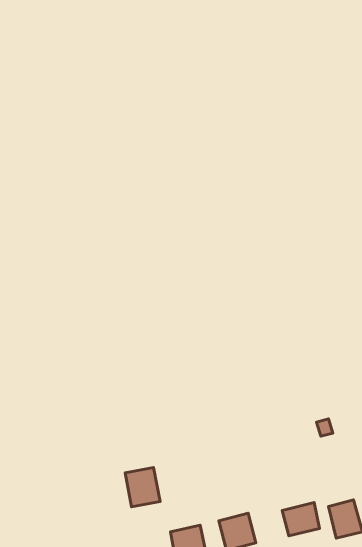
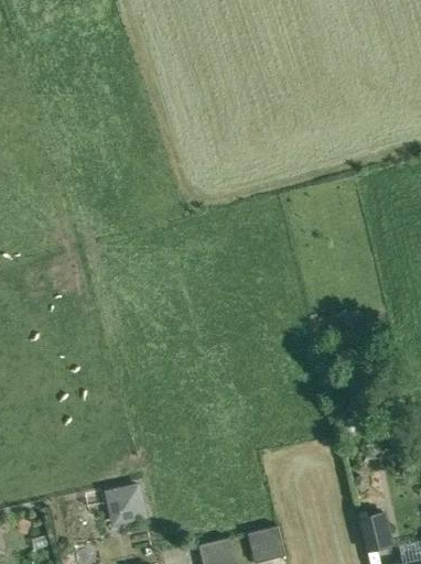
building: [125,467,160,507] -> [105,485,140,524]
building: [282,503,320,536] -> none

